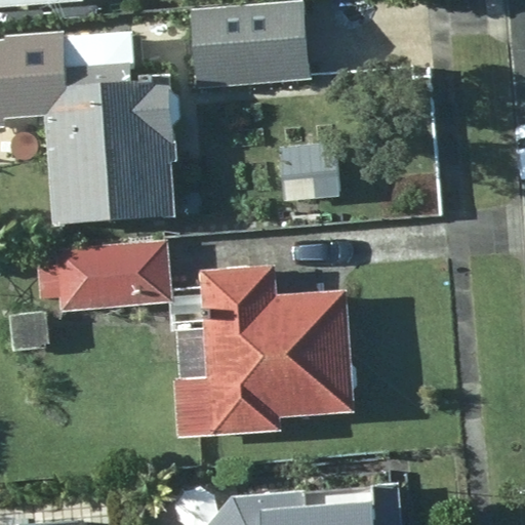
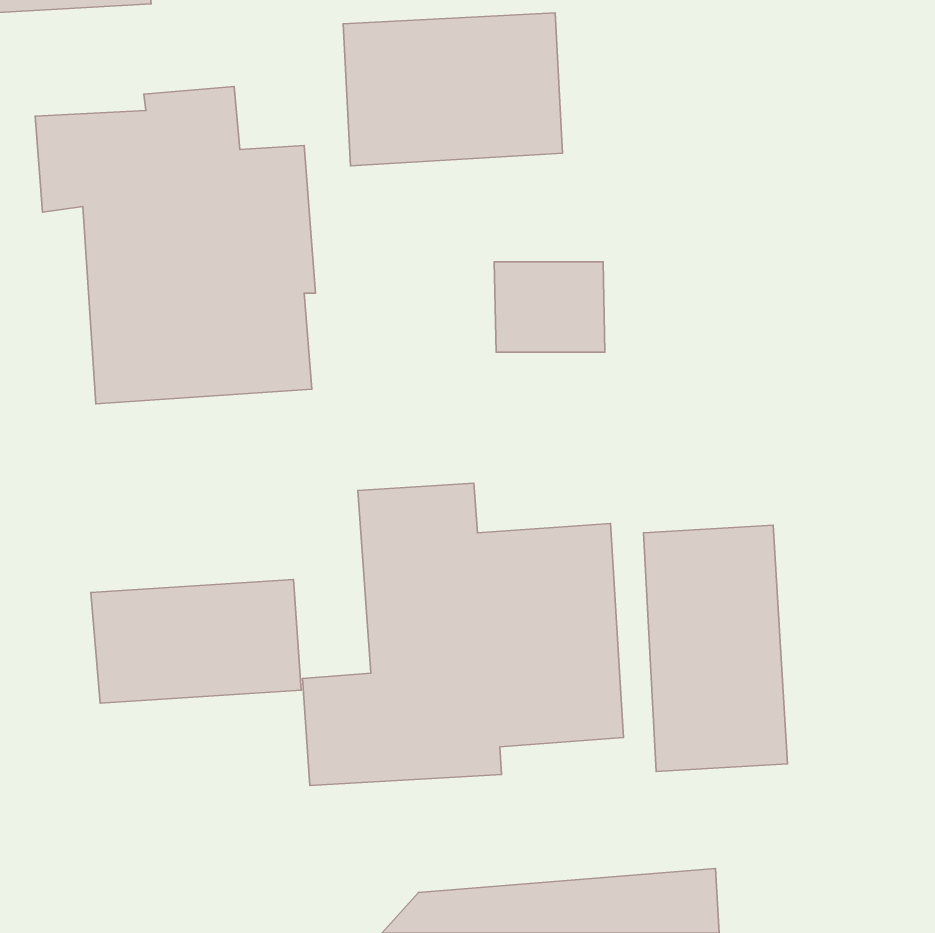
building: [50,238,167,307] -> [91,579,301,703]
building: none -> [643,525,787,772]

